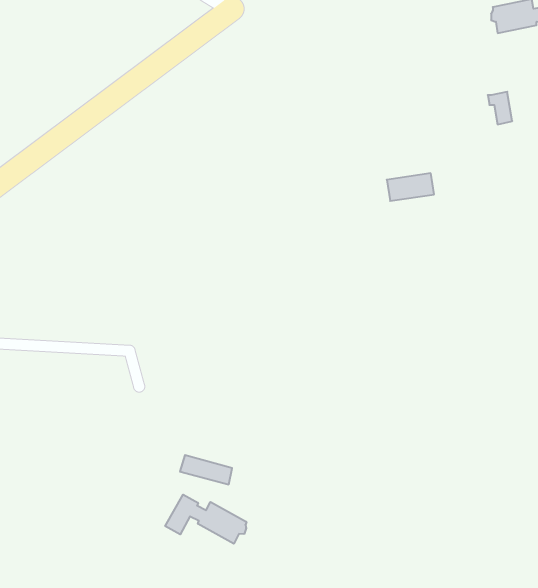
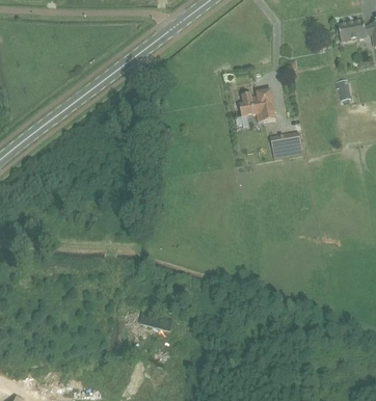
building: none -> [239,91,274,123]
building: [165,495,246,544] -> none

